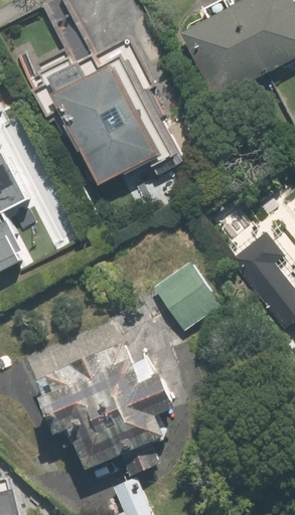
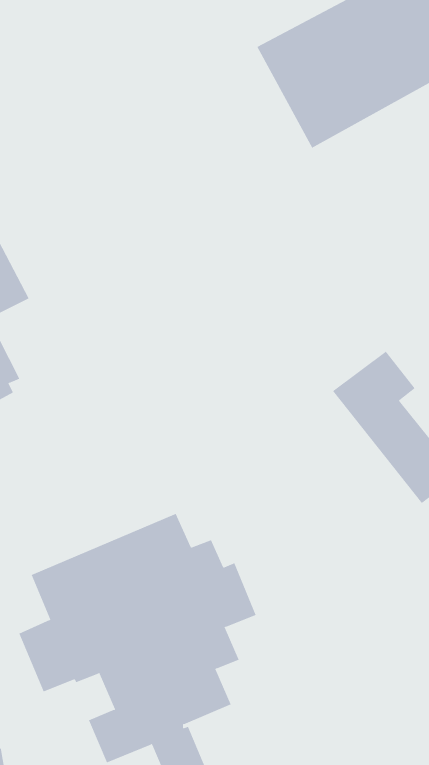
building: [52,60,163,184] -> none
building: [152,260,222,330] -> none

